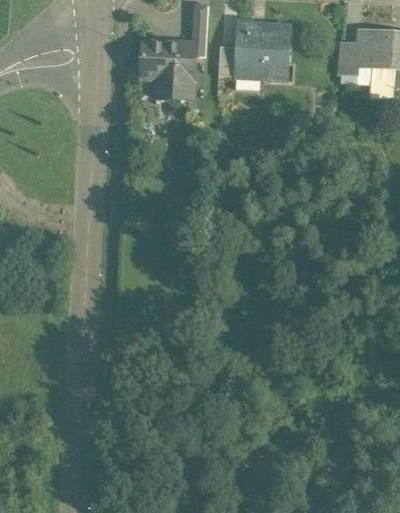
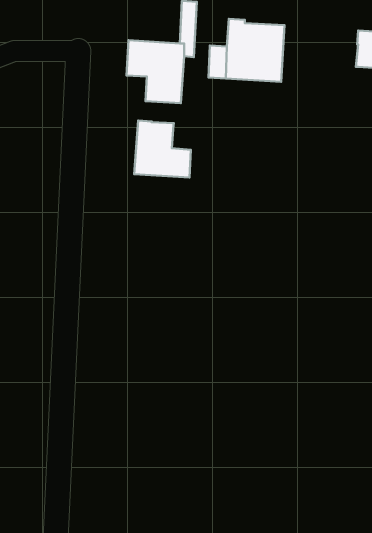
building: [339,43,359,73] -> none
building: none -> [134,121,191,177]

